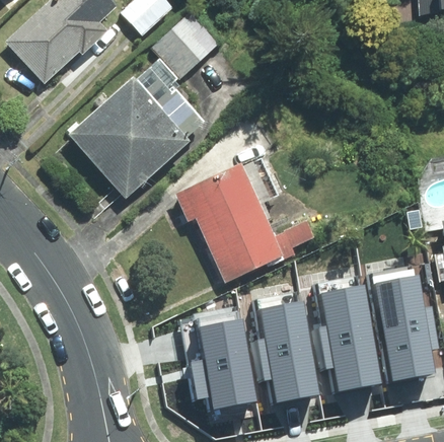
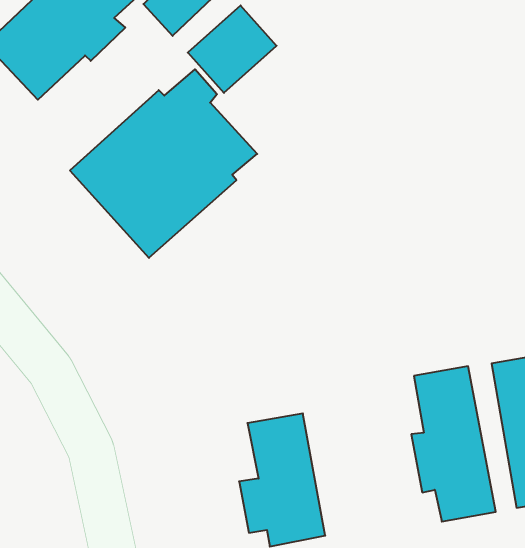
building: [175,158,314,282] -> none
building: [256,294,318,400] -> none

